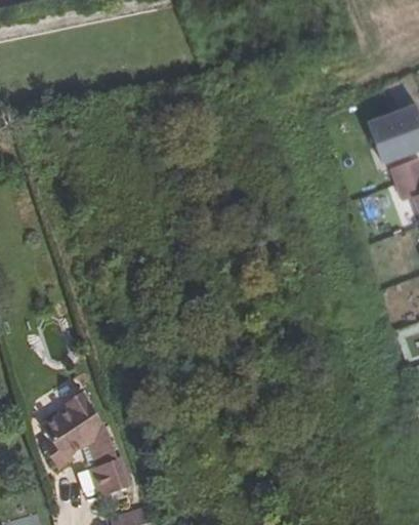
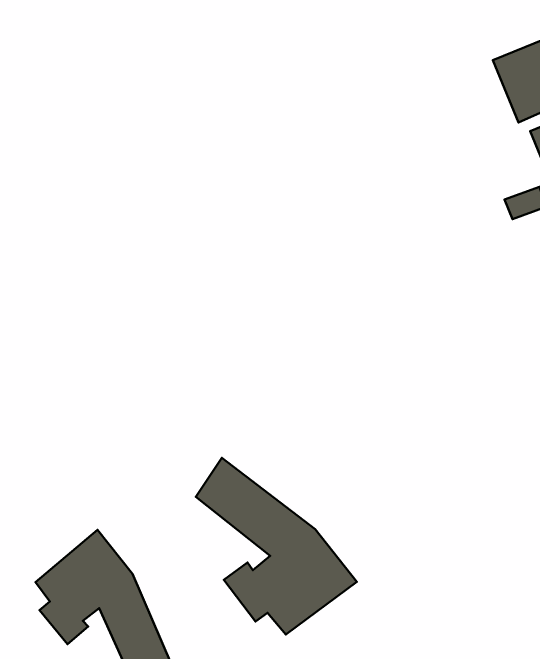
building: none -> [196,458,357,634]

